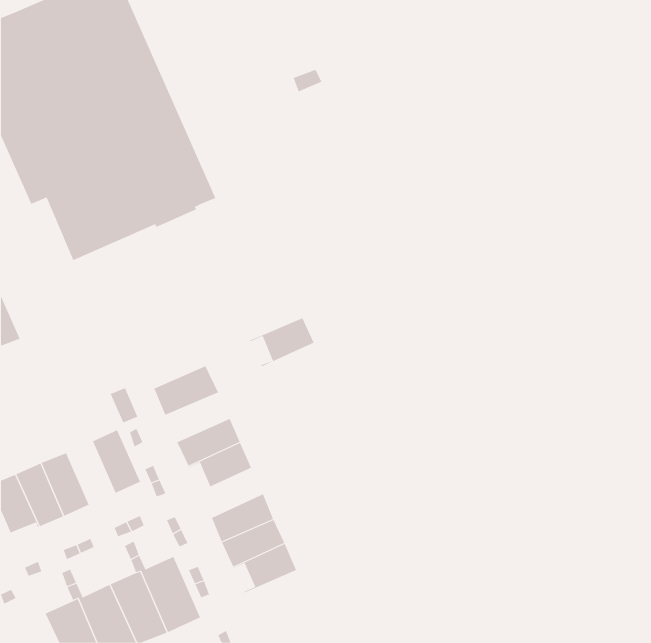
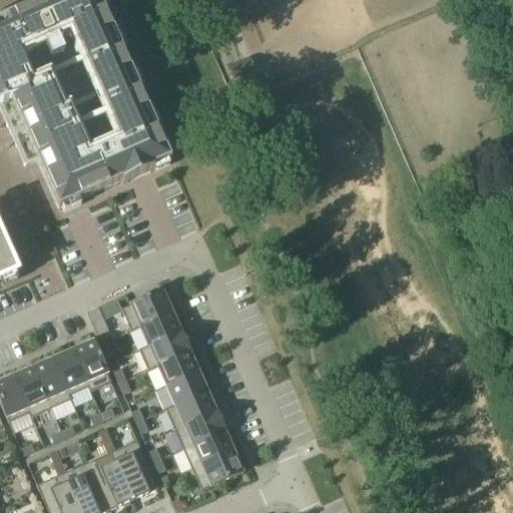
building: [249,317,314,367] -> [131,308,182,347]
building: none -> [54,346,92,396]
building: none -> [166,367,208,406]
building: none -> [193,447,243,487]

